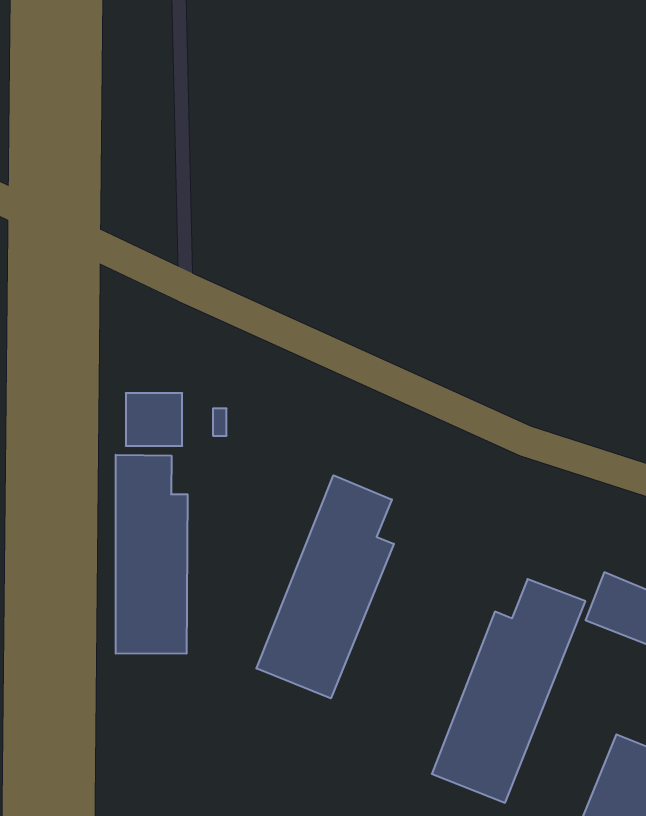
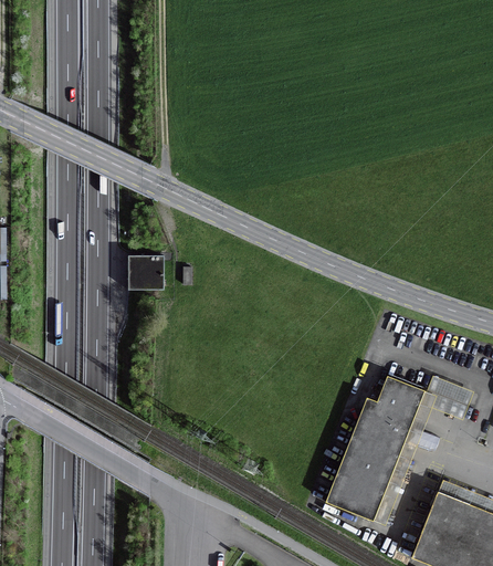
building: [116,455,188,654] -> none
building: [256,475,394,698] -> none

